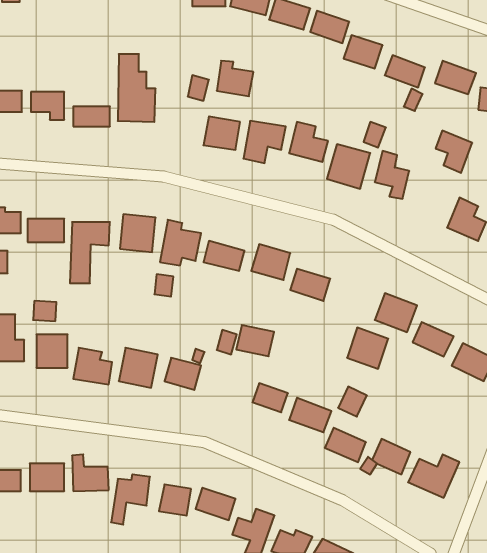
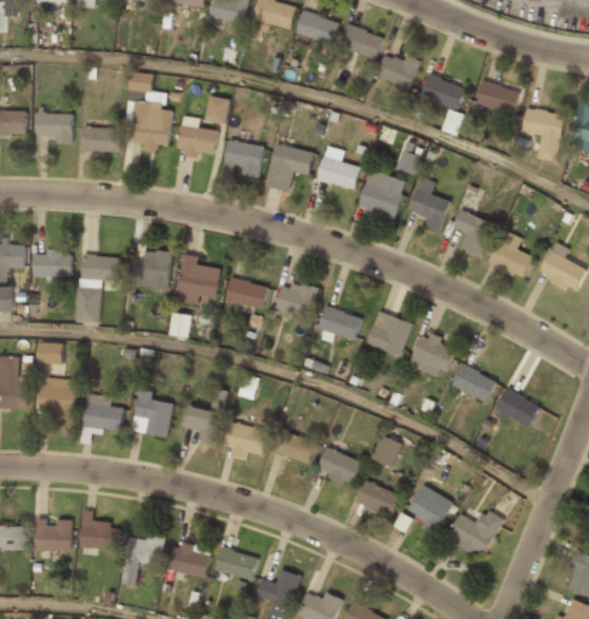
building: [217,61,253,96] -> [178,119,218,158]
building: [436,131,472,173] -> [452,210,492,256]
building: [236,325,274,356] -> [225,422,267,456]
building: [347,328,388,369] -> [366,312,411,357]

